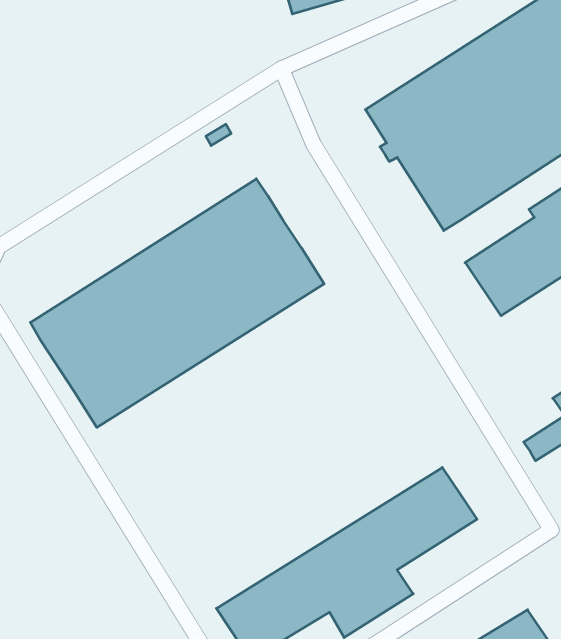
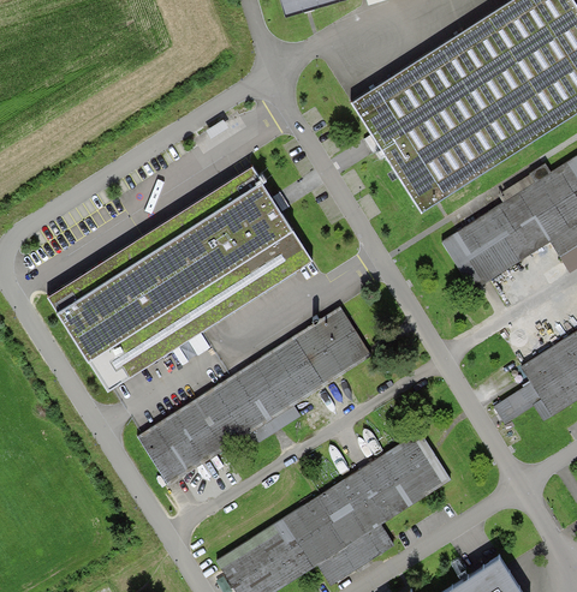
building: none -> [136,304,374,483]

